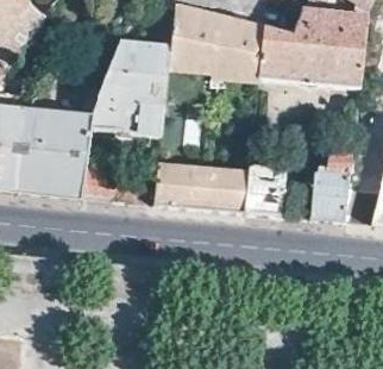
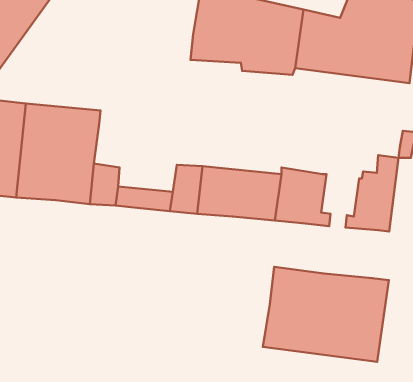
building: [89,38,171,135] -> none
building: none -> [263,267,389,362]

